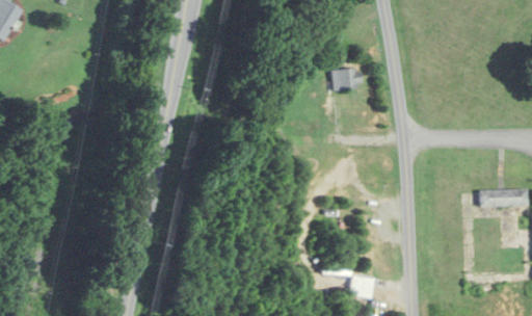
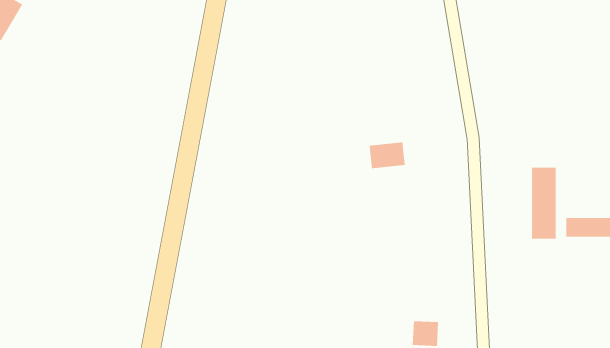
building: [329,68,361,90] -> [369,142,406,169]
building: none -> [531,167,556,239]

